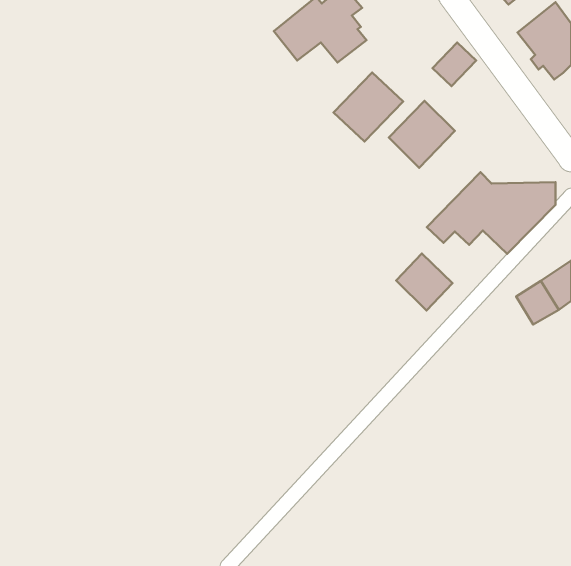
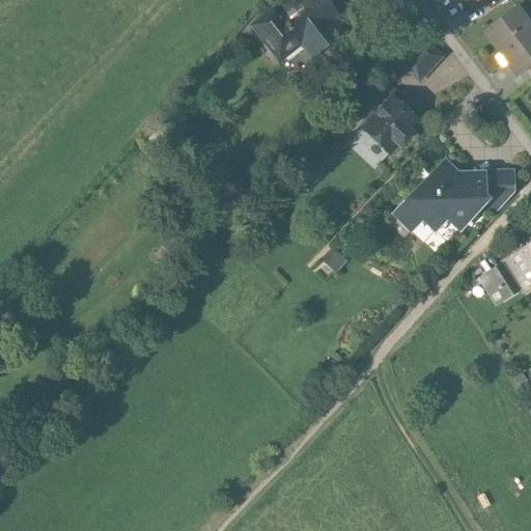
building: [333,73,403,142] -> none
building: [396,253,452,310] -> none

